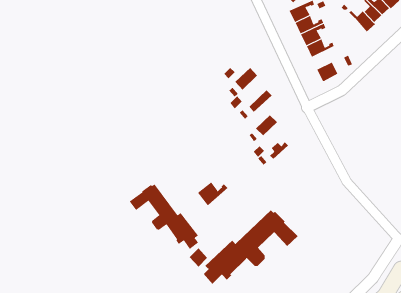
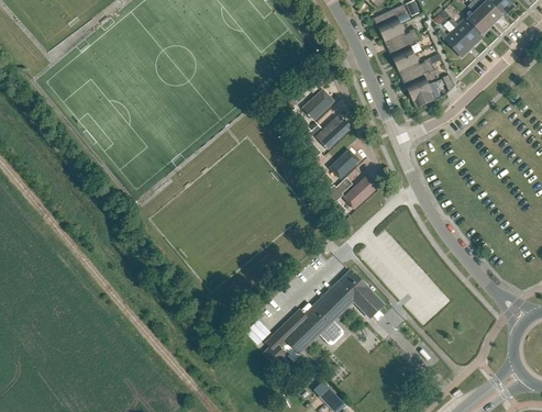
building: none -> [439,27,473,56]
building: none -> [402,63,435,92]
building: [197,181,229,206] -> none
building: [129,183,199,250] -> none

